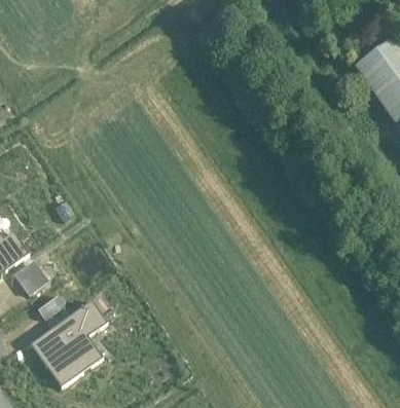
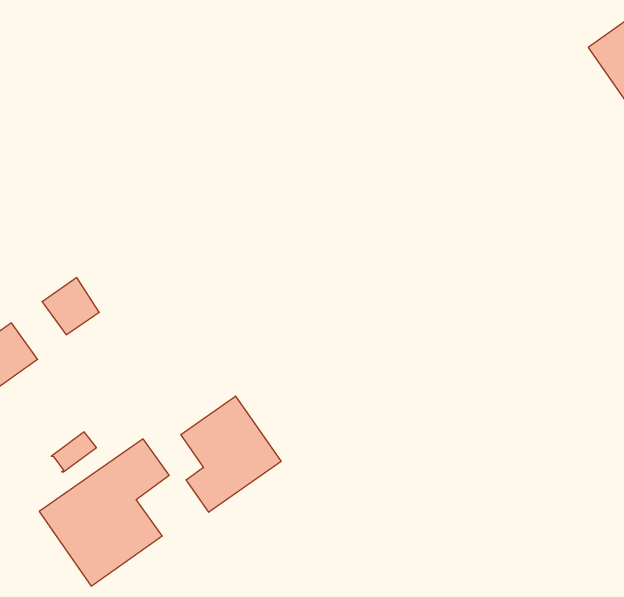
building: [12,259,46,293] -> [42,278,99,335]
building: none -> [181,396,281,512]

